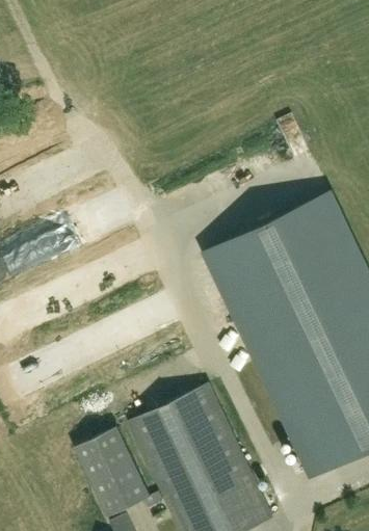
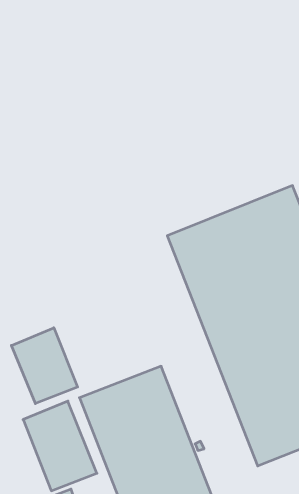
building: none -> [11,328,78,404]

